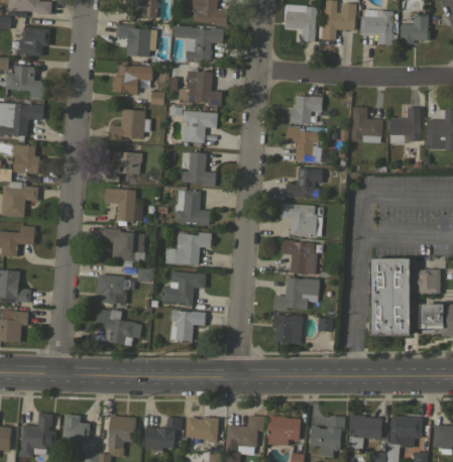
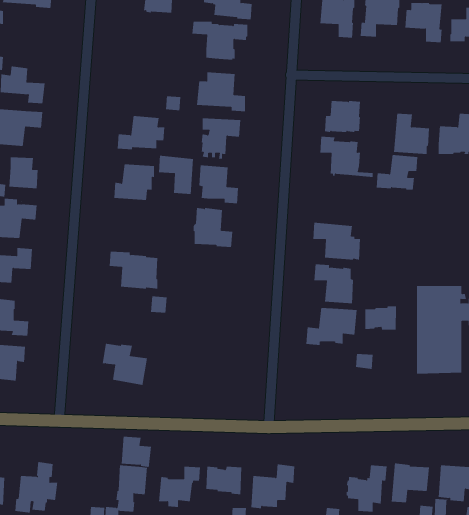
building: [115,24,156,57] -> none
building: [19,27,49,56] -> none
building: [111,66,152,94] -> none
building: [285,167,322,199] -> [376,154,418,190]
building: [104,188,135,222] -> [158,155,194,194]
building: [164,231,211,264] -> none
building: [160,271,206,306] -> none
building: [97,274,134,305] -> none
building: none -> [365,305,396,331]
building: [171,310,205,341] -> none
building: [272,314,302,343] -> none
building: [63,415,90,442] -> [121,436,152,467]
building: [266,416,301,445] -> none

